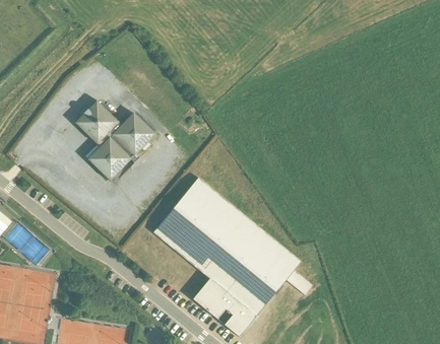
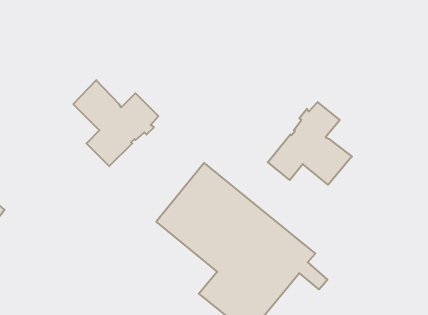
building: none -> [268,102,352,185]

